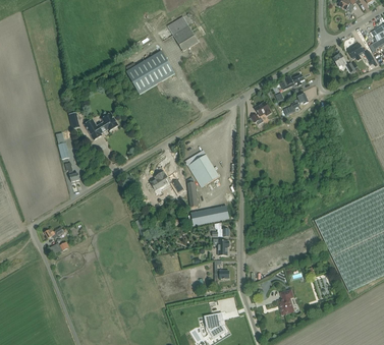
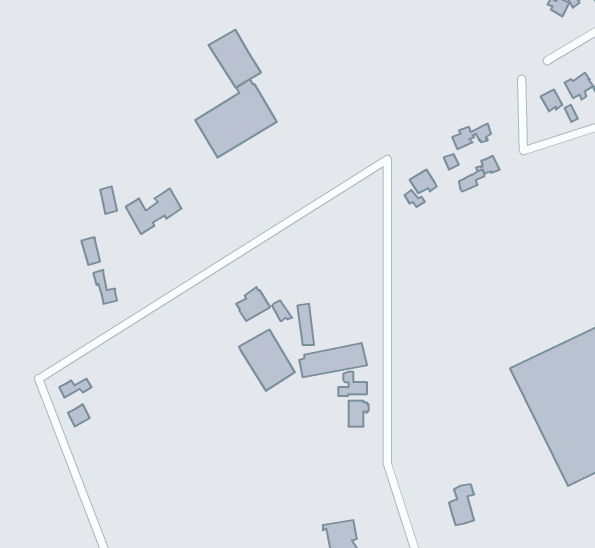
building: [167,16,199,51] -> [208,30,261,88]
building: [185,151,219,187] -> [239,330,295,391]

